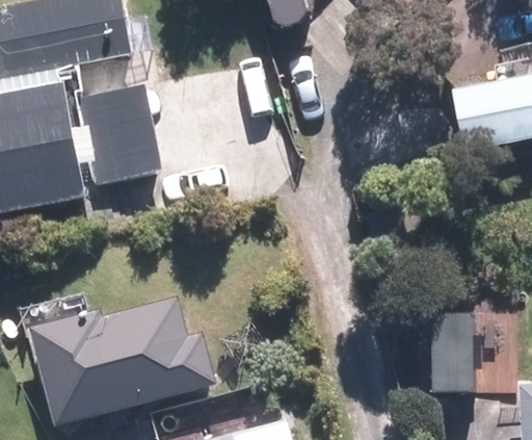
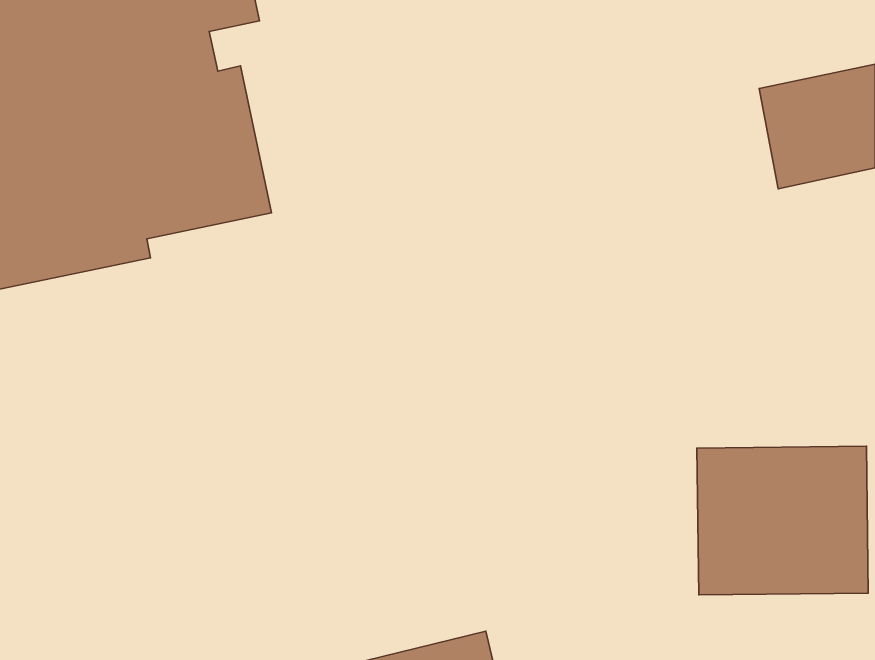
building: [26,295,210,423] -> none

